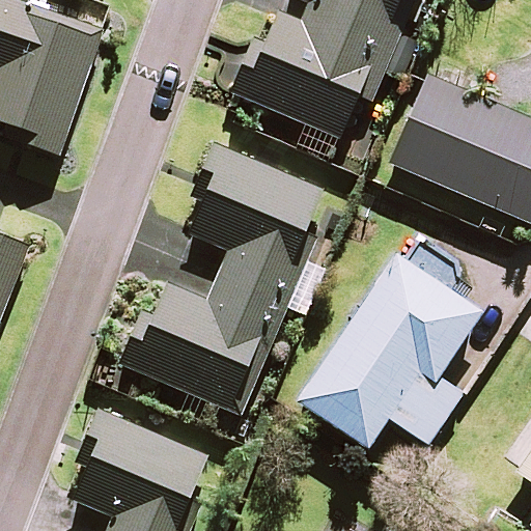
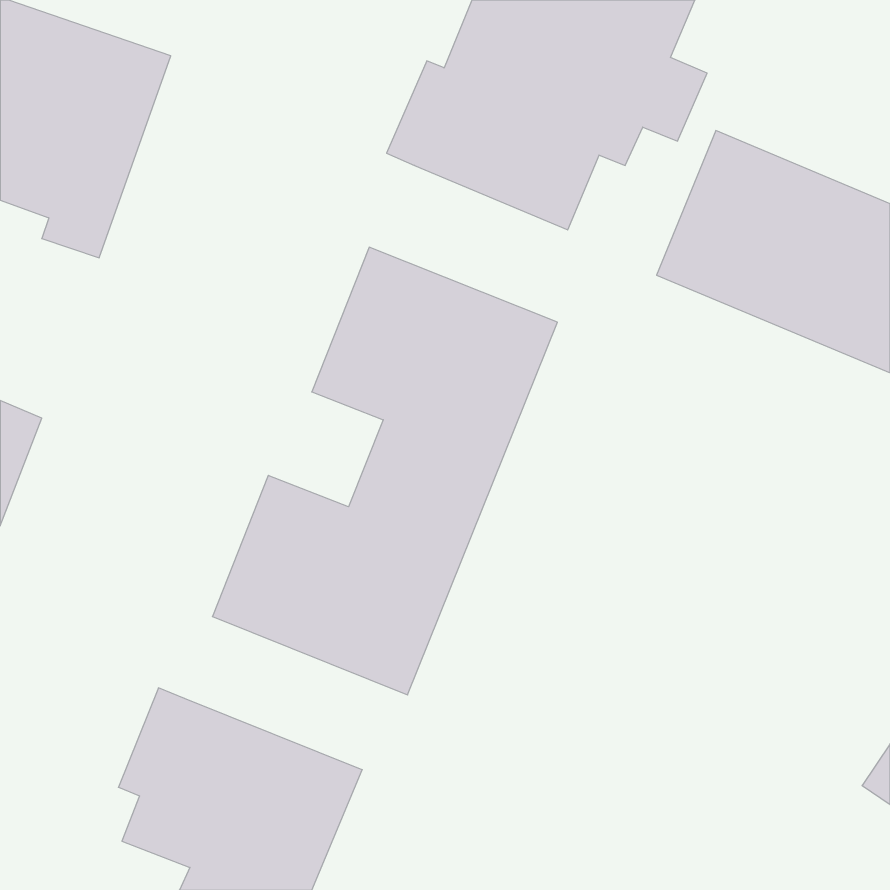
building: [300,256,480,446] -> none

